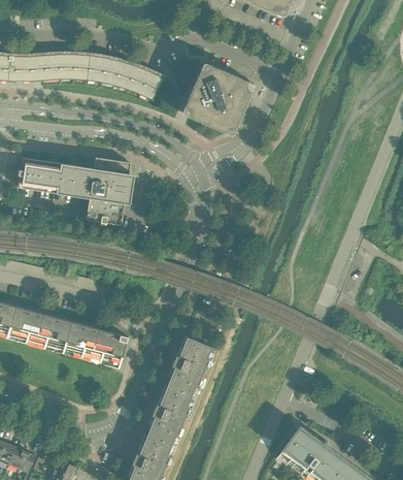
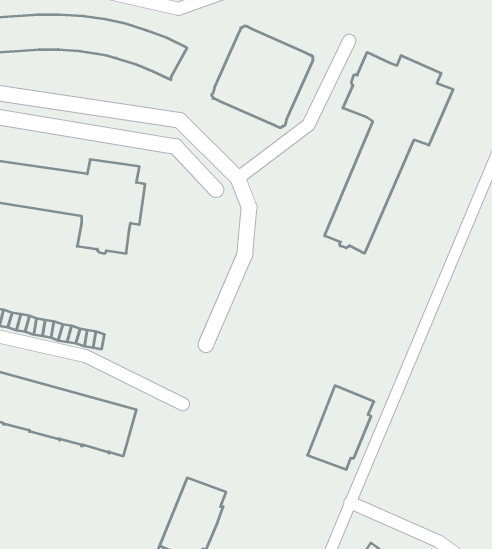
building: none -> [325,52,453,253]
building: [165,334,212,394] -> [307,386,374,470]

